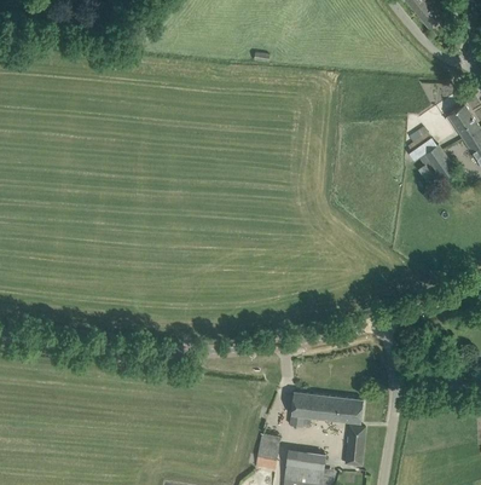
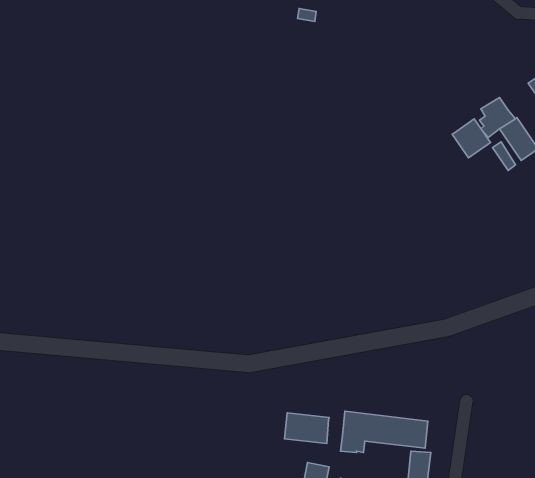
building: none -> [452,119,490,158]
building: none -> [285,413,329,443]

